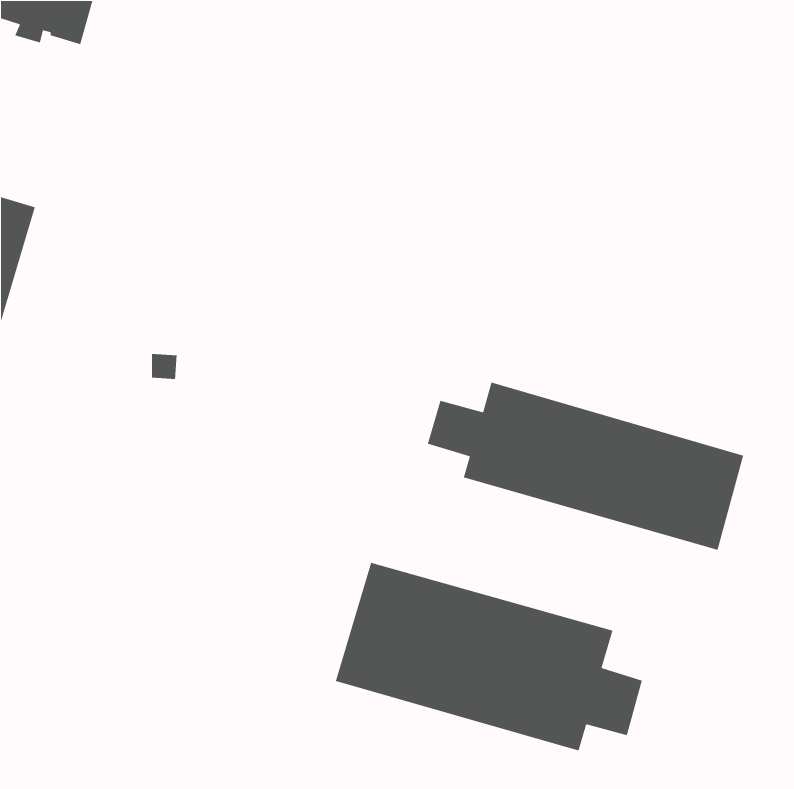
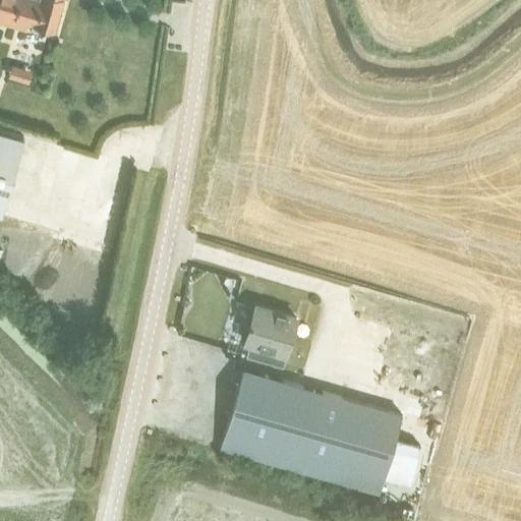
building: [427,382,744,551] -> none
building: none -> [245,308,297,367]

